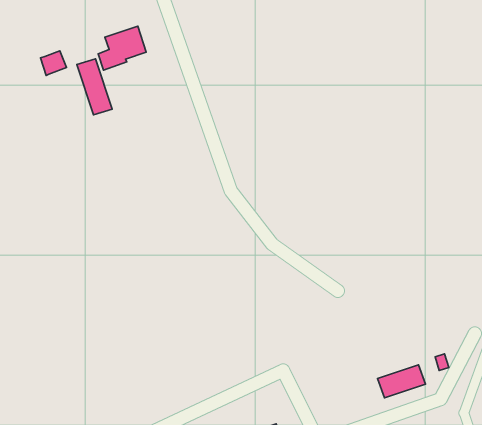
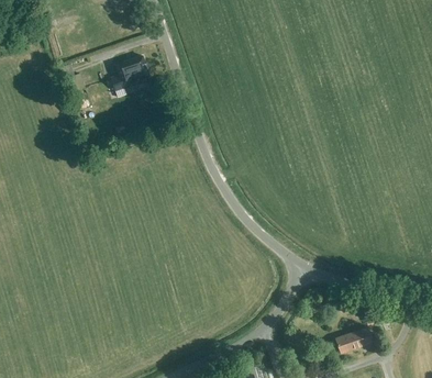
building: [77,59,112,115] -> none

